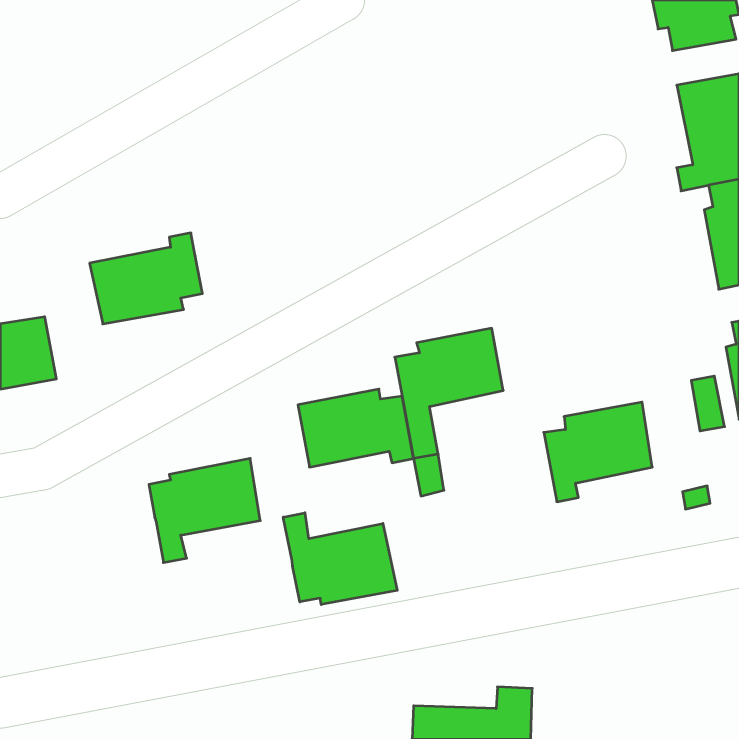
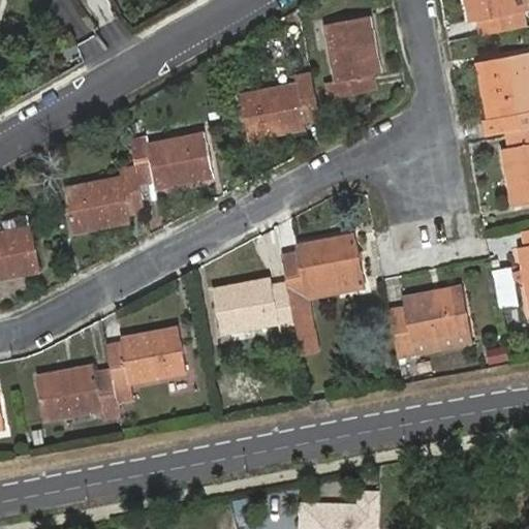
building: none -> [325,17,380,99]
building: none -> [240,72,320,139]
building: none -> [131,133,213,188]
building: none -> [36,365,119,421]
building: [283,513,397,605] -> none

